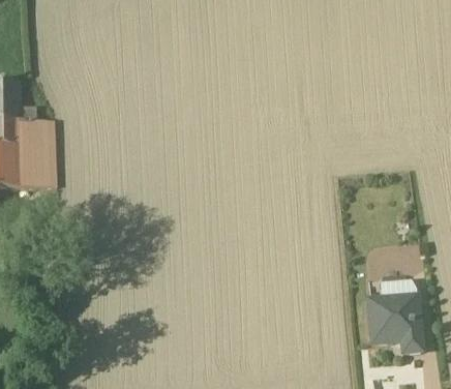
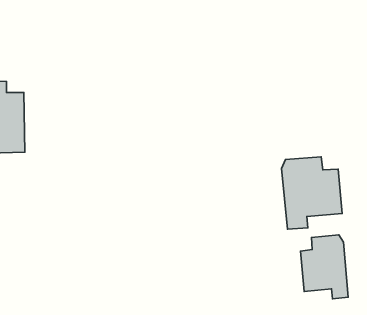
building: none -> [281,157,342,229]

